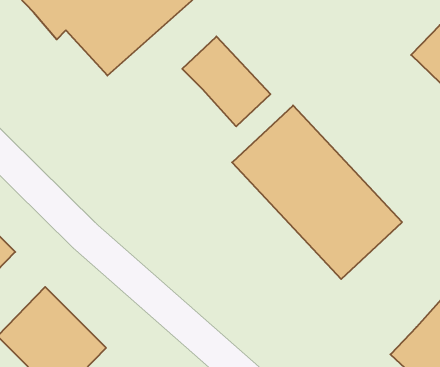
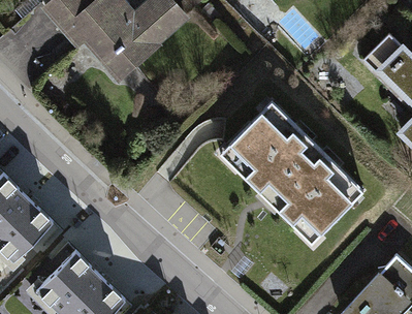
building: [182,36,270,126] -> none

